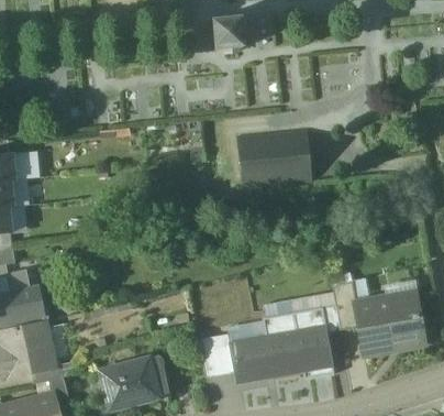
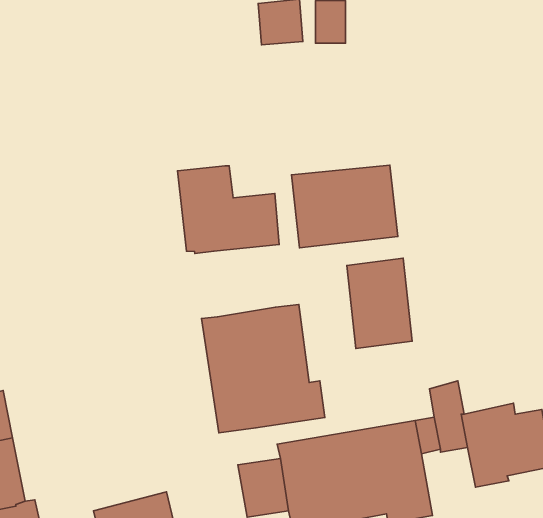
building: none -> [177,166,279,254]
building: none -> [347,258,412,348]
building: none -> [201,305,325,433]

